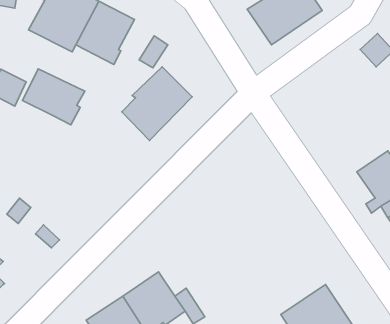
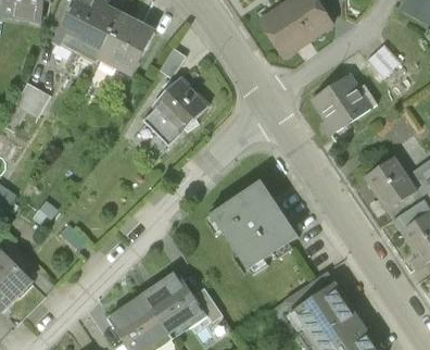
building: none -> [311,68,376,135]
building: [22,69,85,125] -> none
building: none -> [211,184,298,272]

